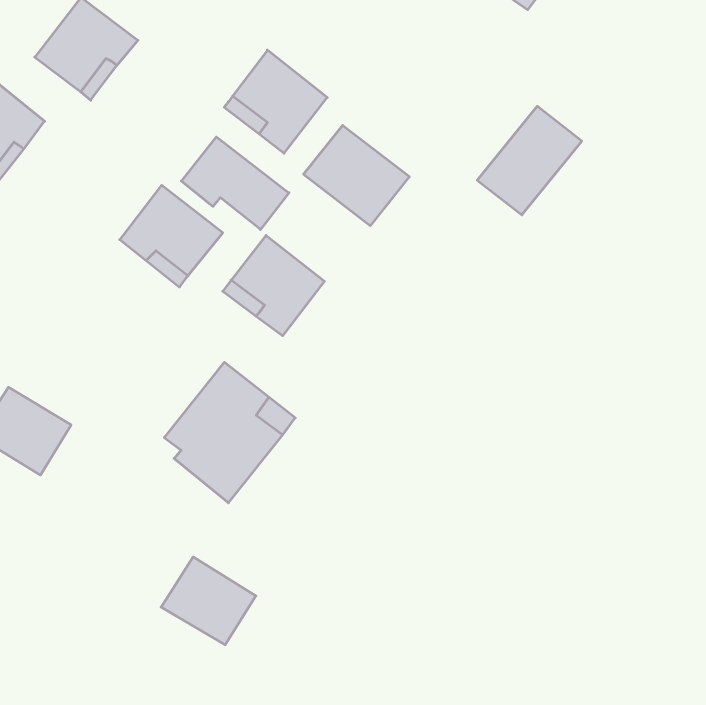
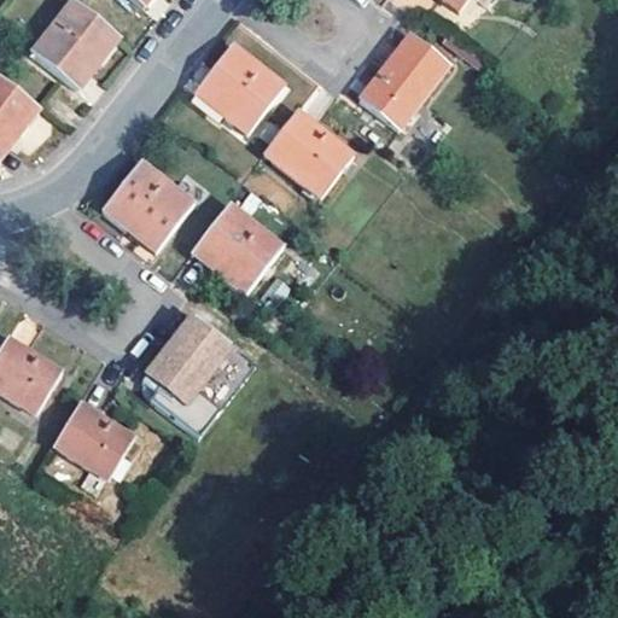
building: [477,106,582,215] -> [360,35,450,129]
building: [181,137,289,230] -> none
building: [161,557,256,645] -> [53,401,135,477]

